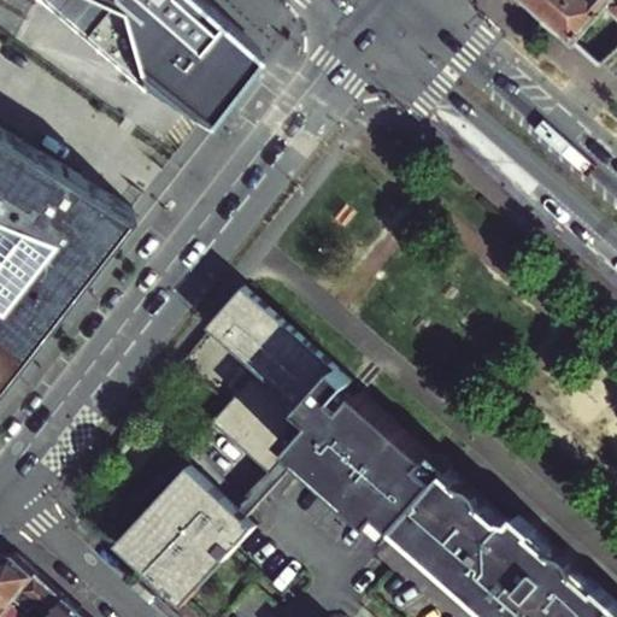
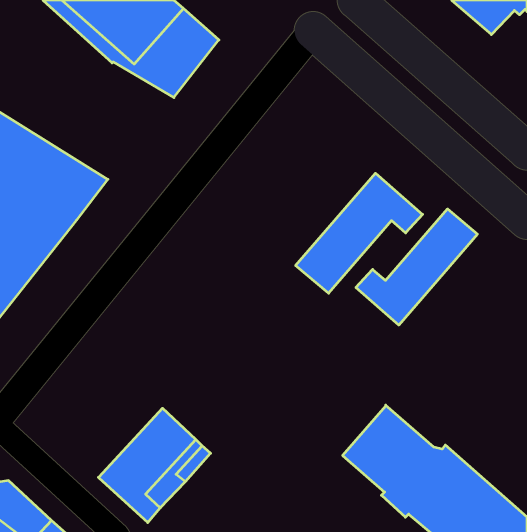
building: none -> [296,173,423,293]
building: none -> [356,209,477,325]
building: [207,296,443,533] -> none

